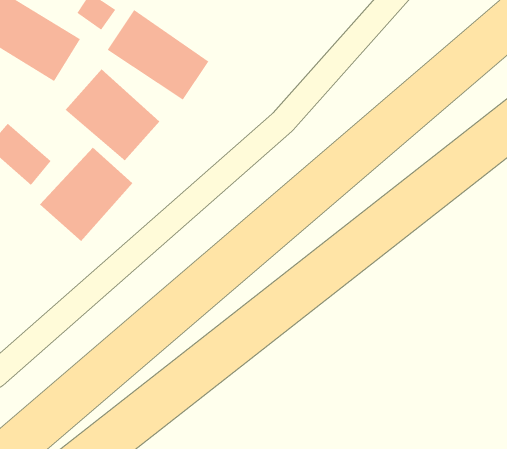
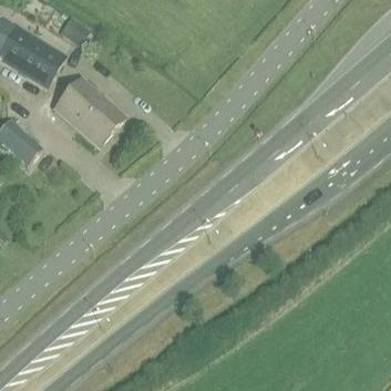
building: [107,9,209,100] -> none
building: [39,147,133,242] -> none

